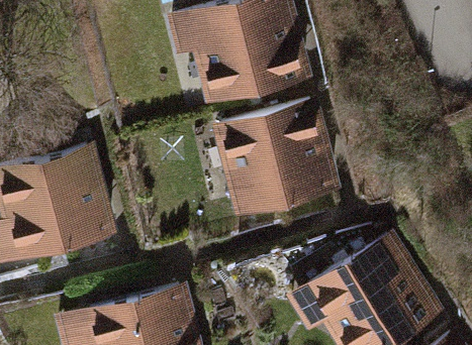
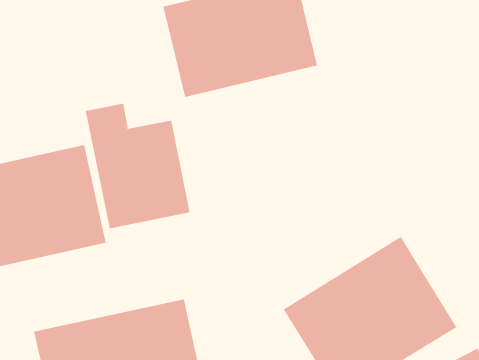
building: [210,101,344,217] -> none
building: none -> [85,103,190,229]

